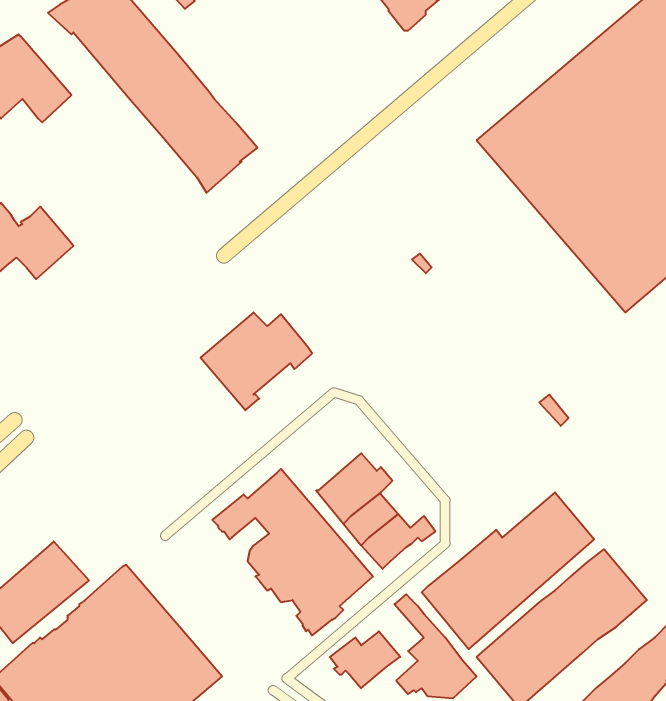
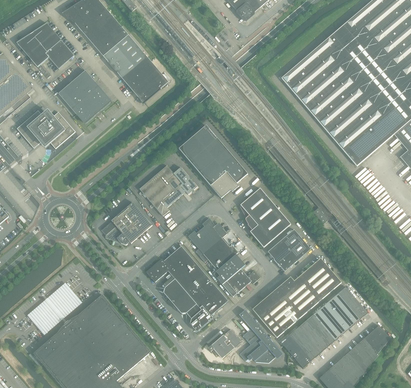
building: none -> [58,70,109,122]
building: none -> [178,125,247,198]
building: none -> [240,188,290,247]
building: none -> [101,202,151,245]
building: none -> [187,218,226,257]
building: none -> [267,229,310,271]

